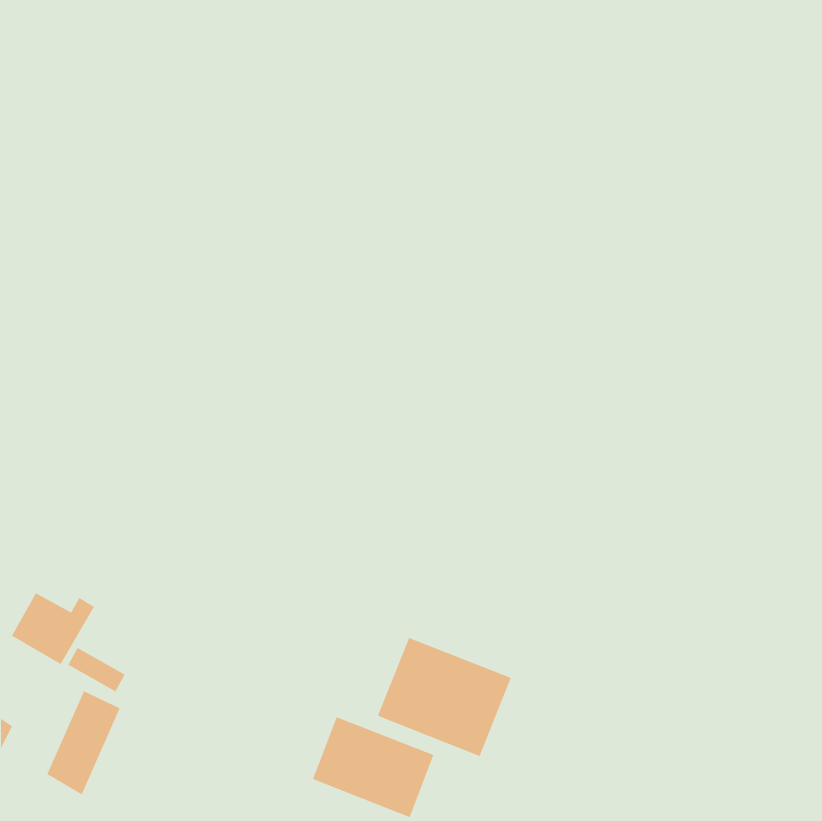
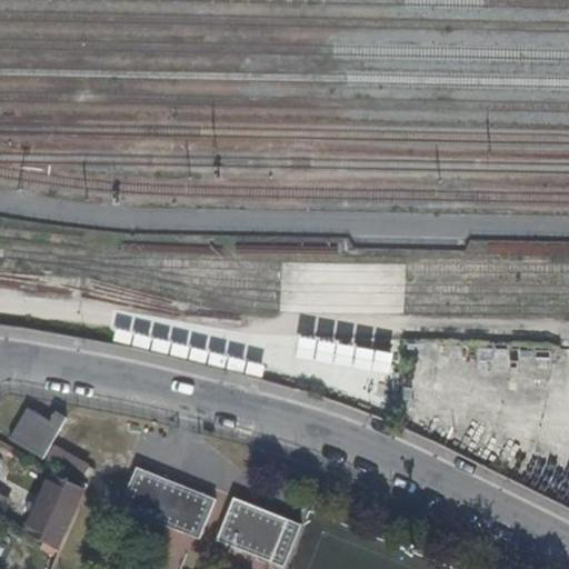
building: [377,637,512,757] -> none
building: none -> [120,466,213,537]

